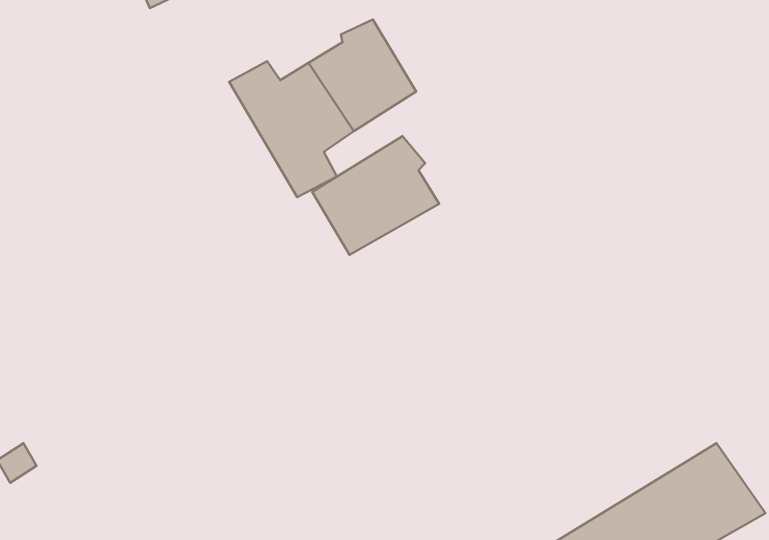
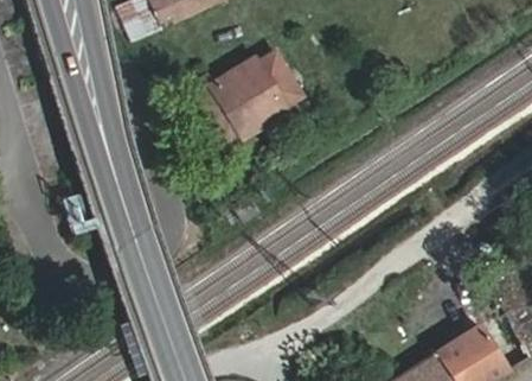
building: [312,136,439,255] -> none

